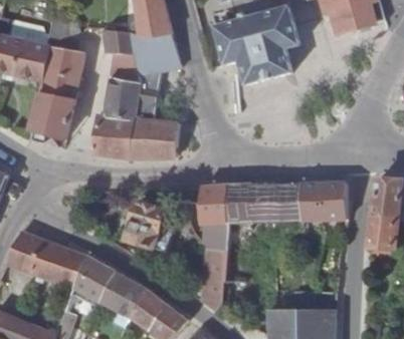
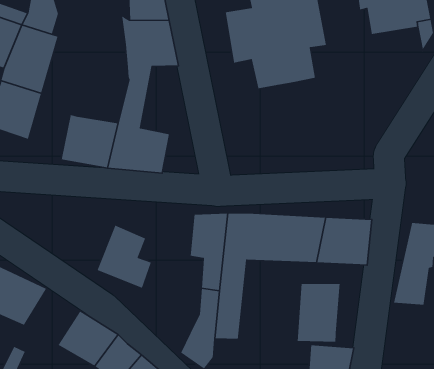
building: [102,31,141,119] -> none
building: none -> [297,283,341,343]
building: [70,258,115,302] -> none

